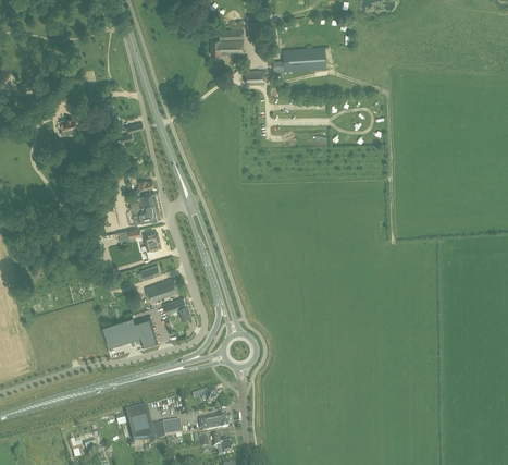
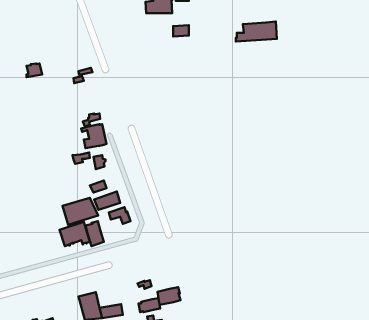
building: [273,47,324,72] -> [236,22,277,41]
building: none -> [63,198,98,225]
building: none -> [157,287,180,305]

